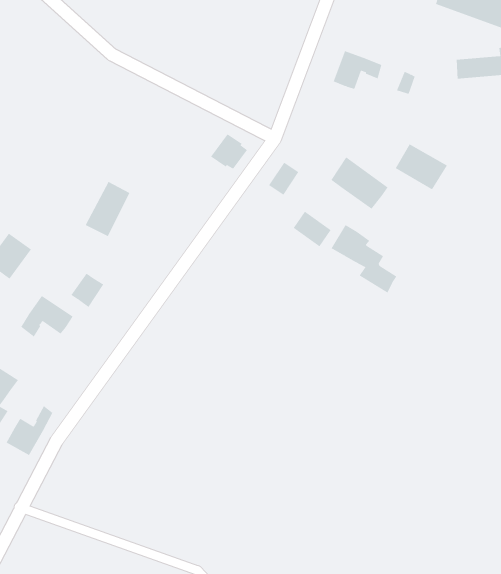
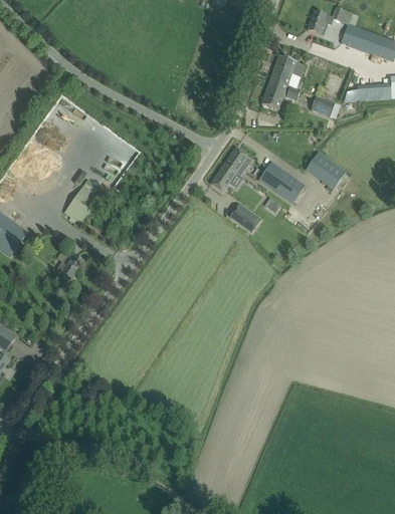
building: none -> [269,55,304,85]
building: [210,133,248,170] -> [222,148,251,176]
building: [331,224,397,294] -> none
building: [21,295,73,338] -> none
building: [6,405,53,456] -> none

